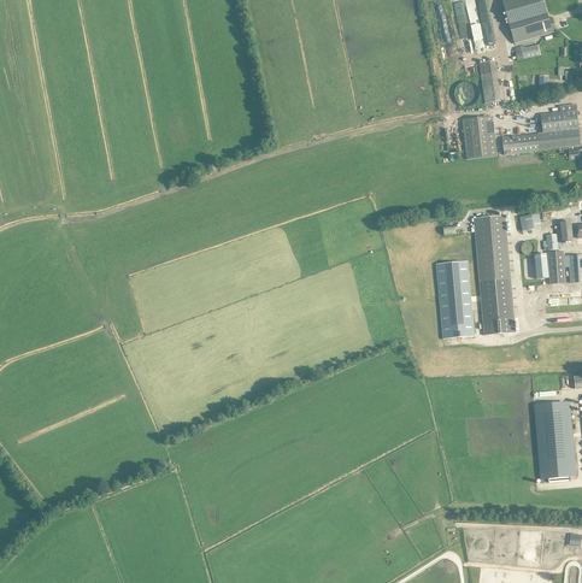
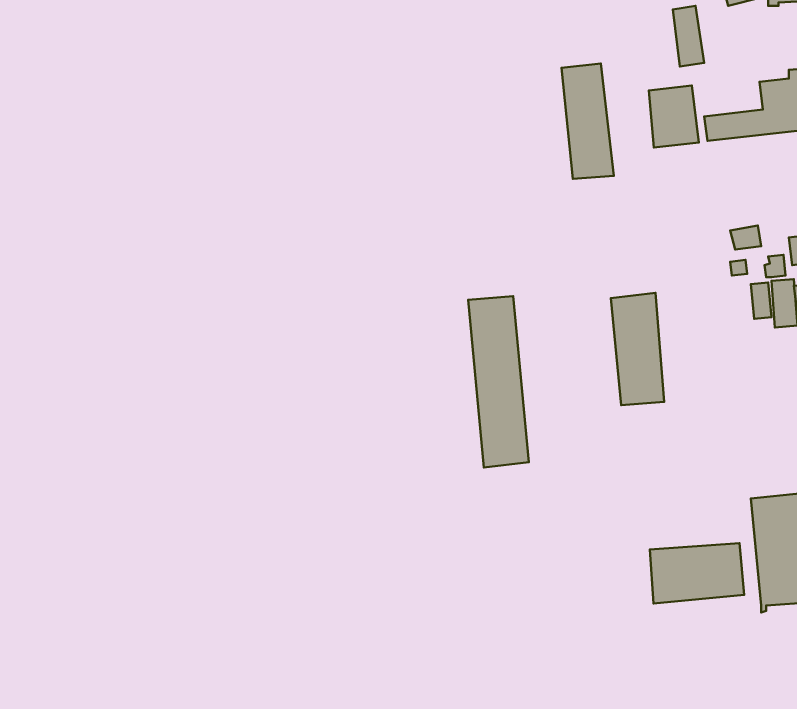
building: none -> [562,63,614,179]
building: [472,214,515,334] -> [468,296,529,467]
building: none -> [650,543,744,603]

